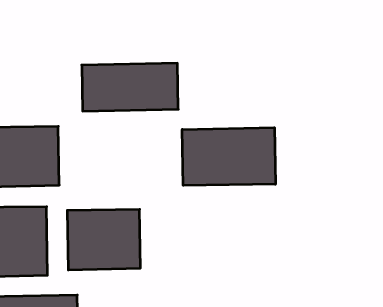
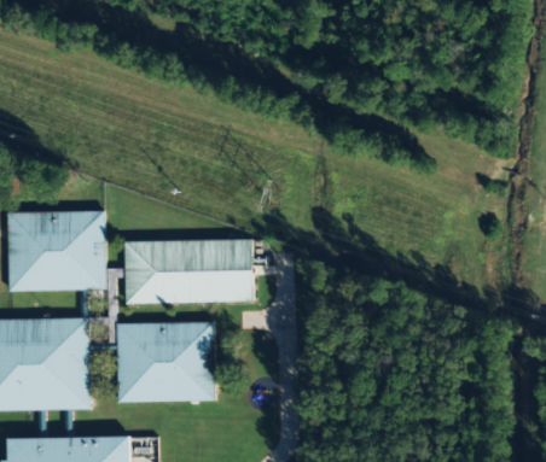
building: [82,63,178,111] -> [123,239,252,303]
building: [182,128,275,185] -> none

